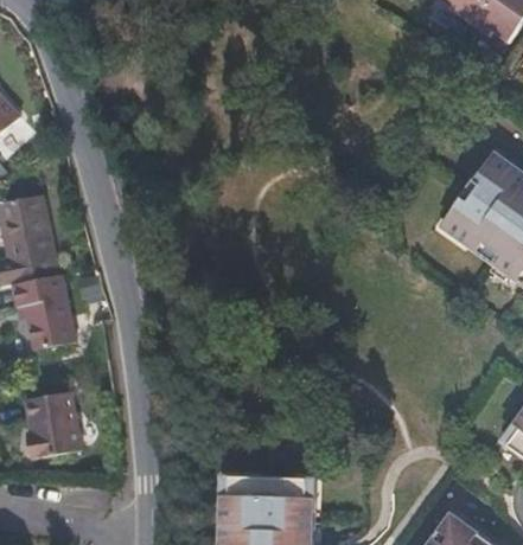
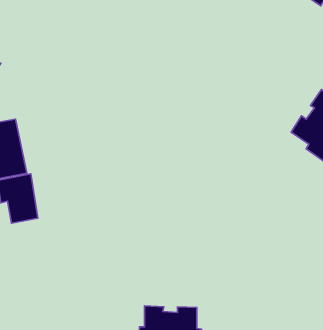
building: [24,393,77,461] -> none

